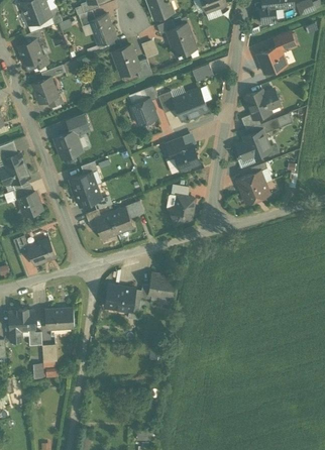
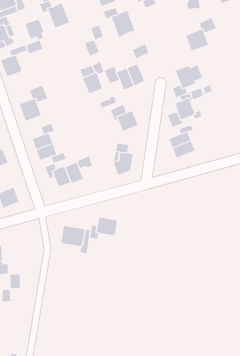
building: [113,45,137,72] -> [24,19,44,40]
building: [46,308,72,330] -> none

